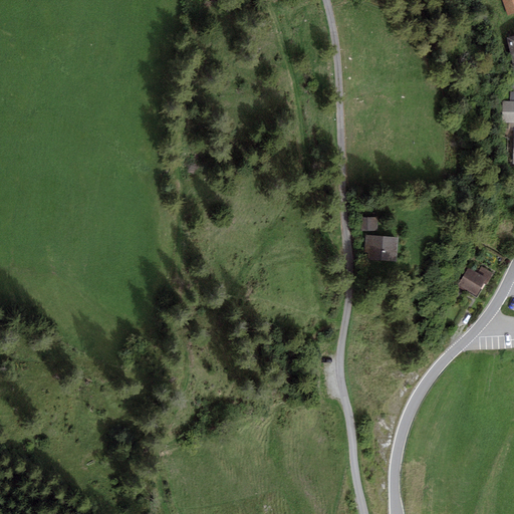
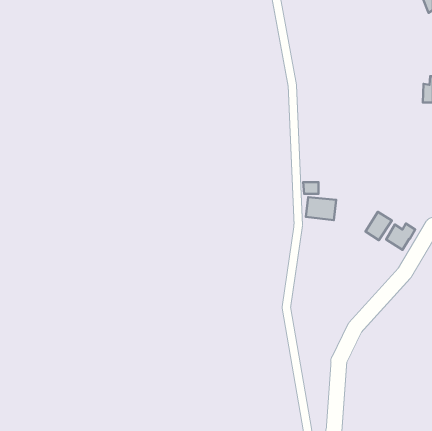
building: none -> [365,212,392,240]

